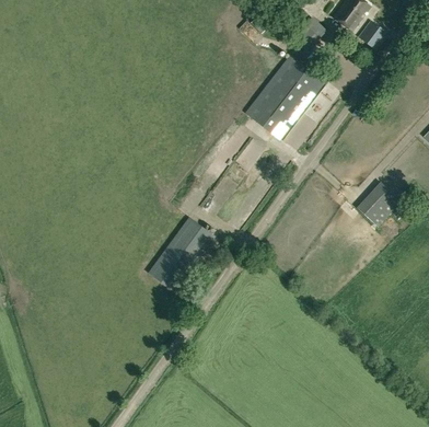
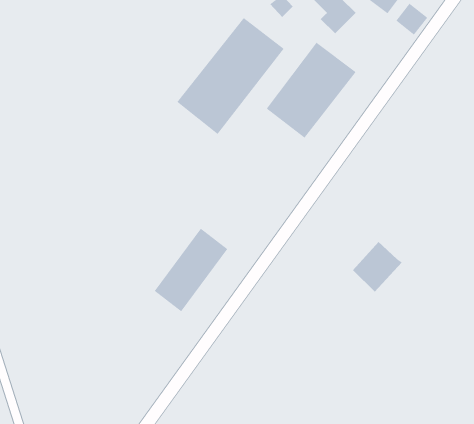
building: none -> [177,17,284,135]
building: [358,181,402,226] -> [352,241,403,293]

